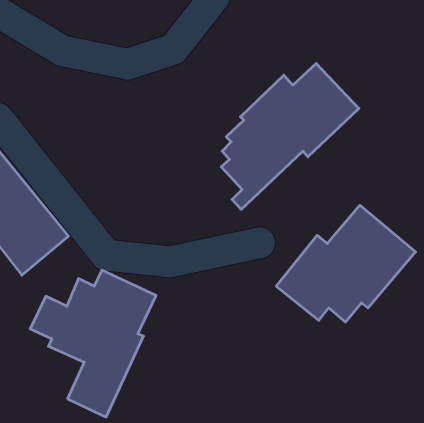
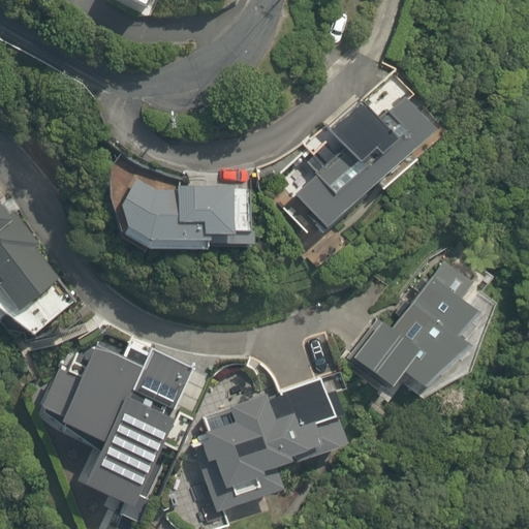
building: none -> [105,164,246,248]
building: none -> [181,375,347,520]

